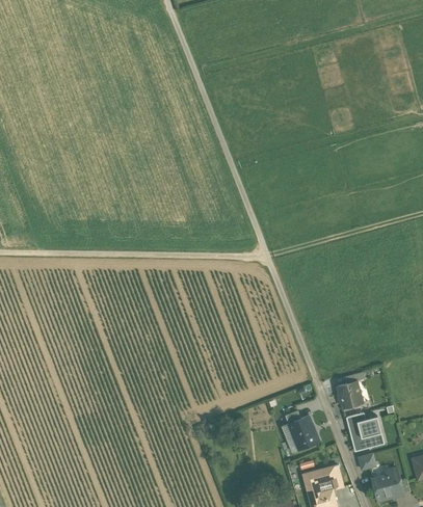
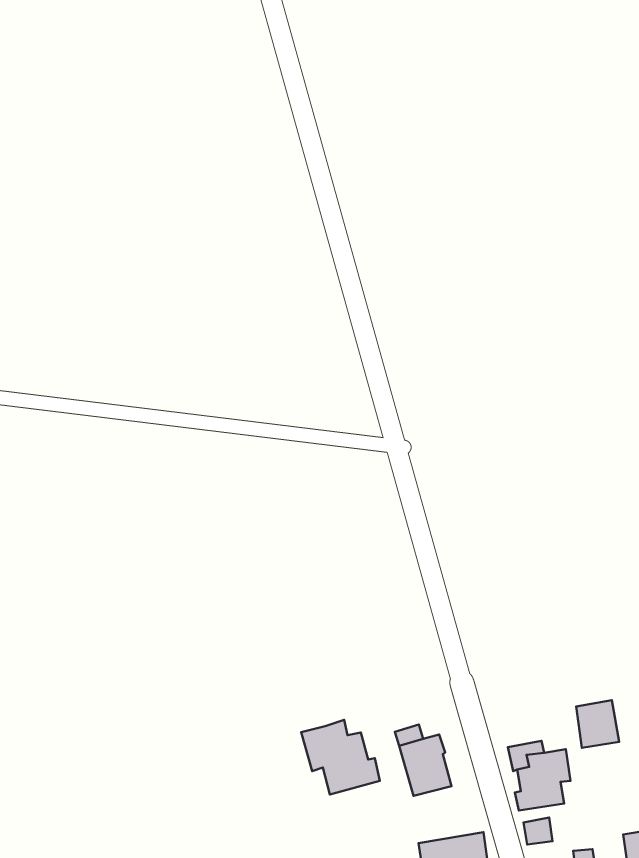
building: [337,380,362,407] -> [576,700,619,748]
building: none -> [301,720,380,794]

